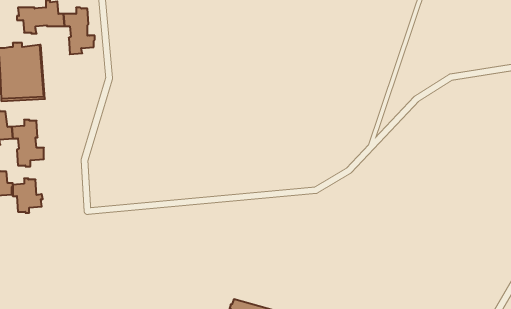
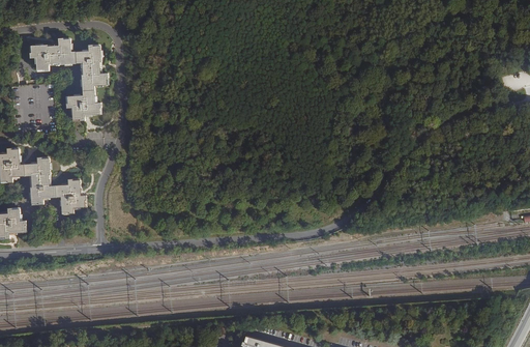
building: none -> [66,90,101,120]
building: [13,178,43,213] -> [57,178,87,212]

